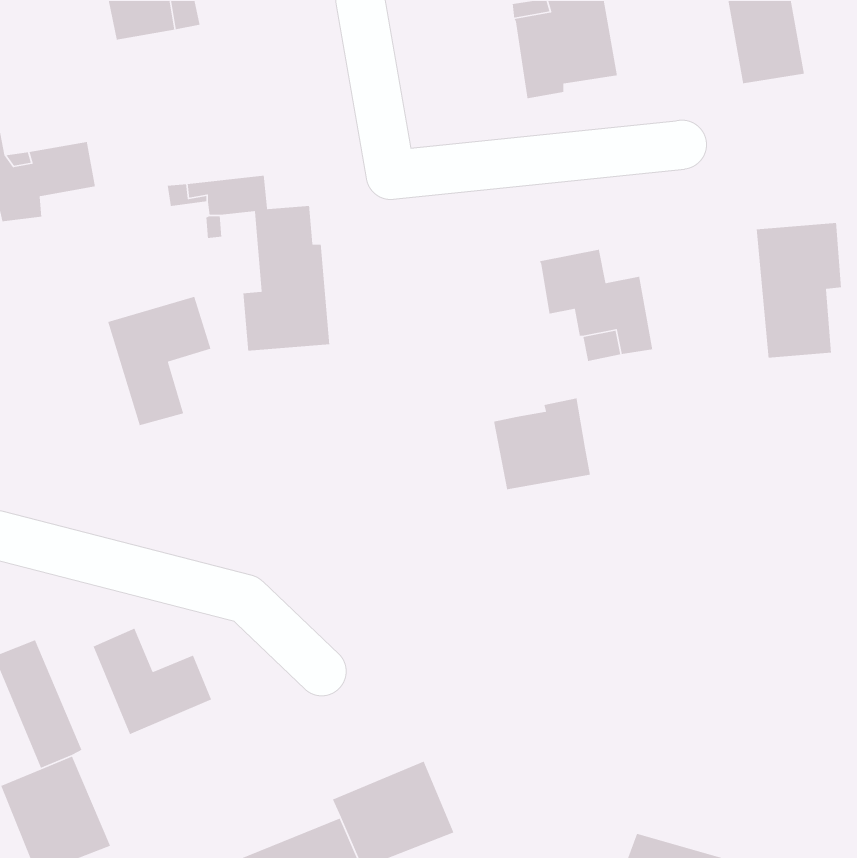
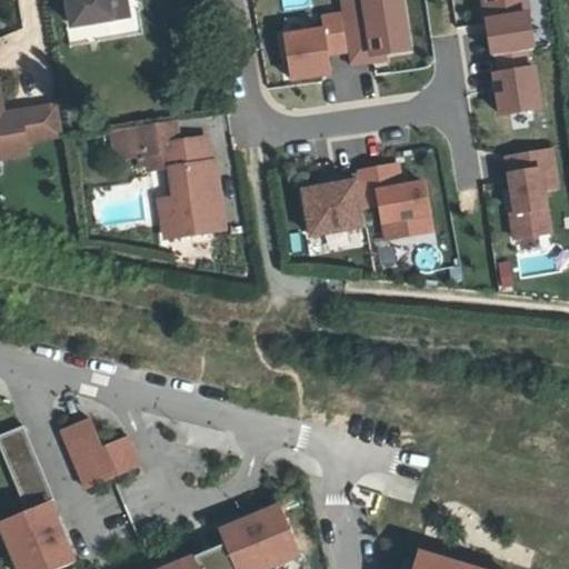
building: none -> [281,16,346,82]
building: none -> [487,63,538,111]
building: [107,296,211,426] -> none
building: [493,398,591,490] -> [301,176,366,237]

